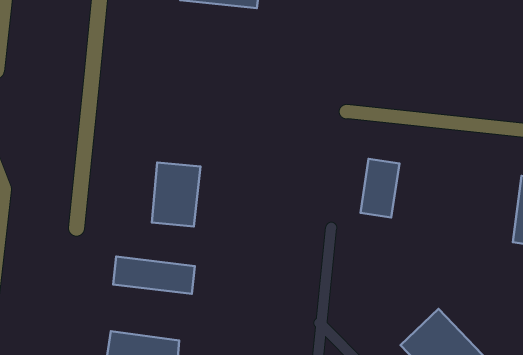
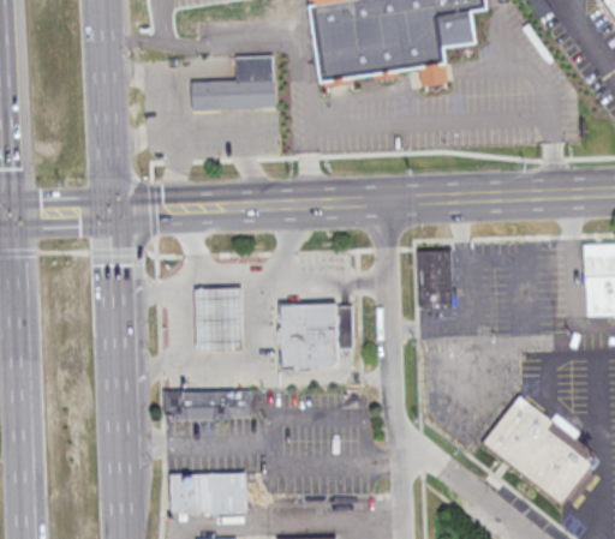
building: none -> [280,305,354,371]

